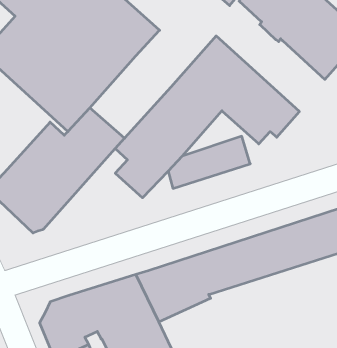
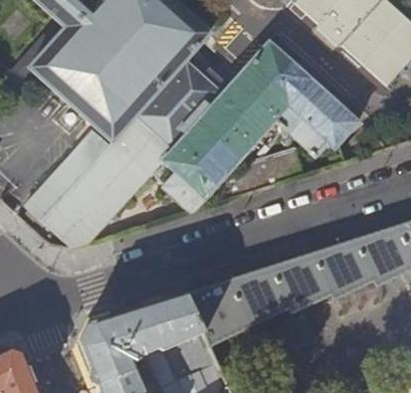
building: none -> [135,61,221,149]

